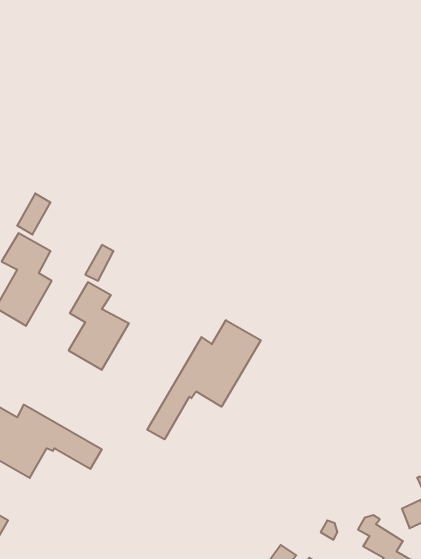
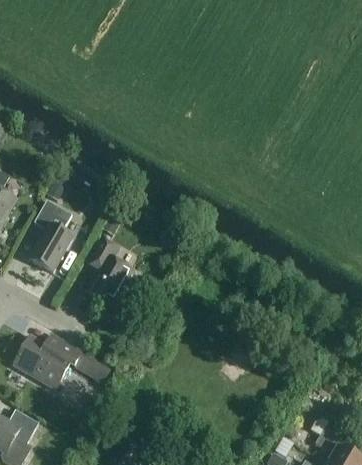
building: [147,320,261,439] -> none

